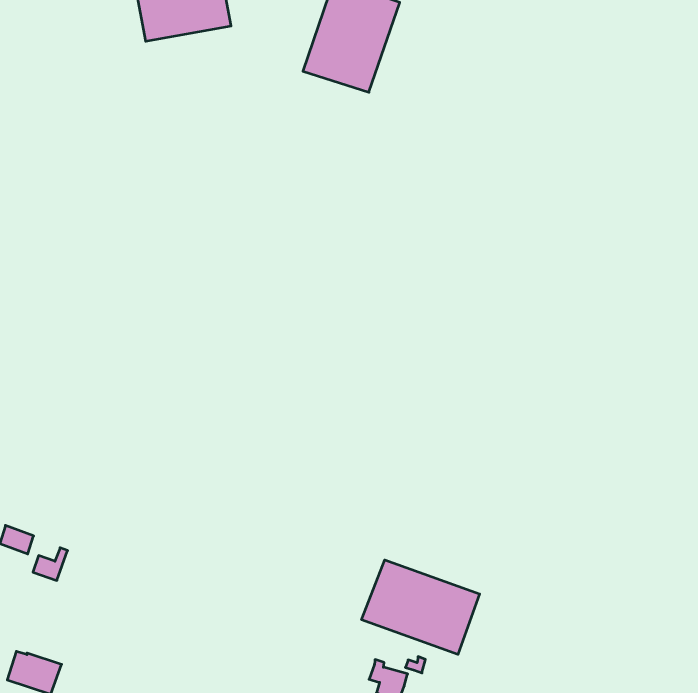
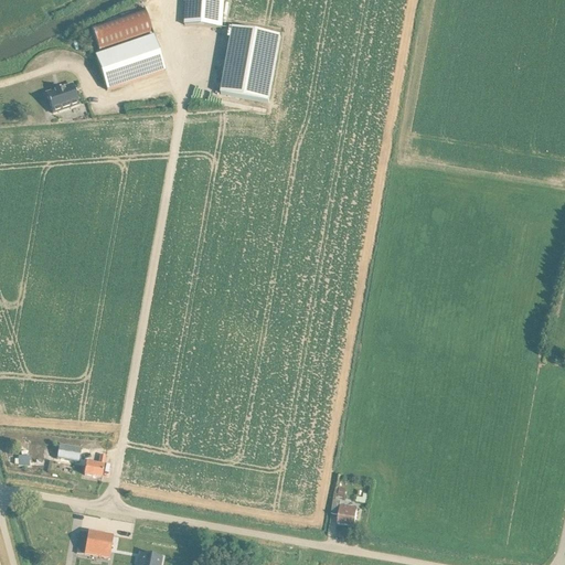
building: none -> [46,82,79,109]
building: [362,560,480,654] -> none

